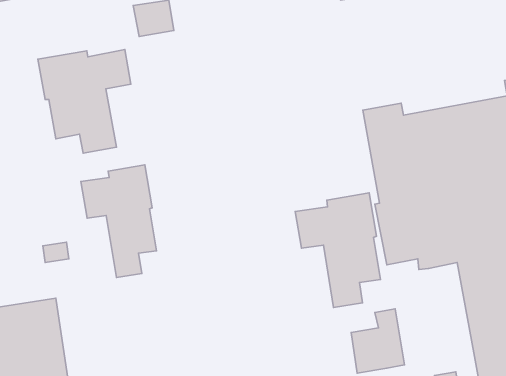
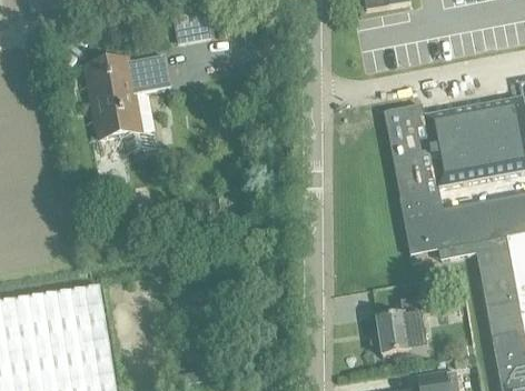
building: [81,165,157,278] -> none
building: [295,193,380,308] -> none

